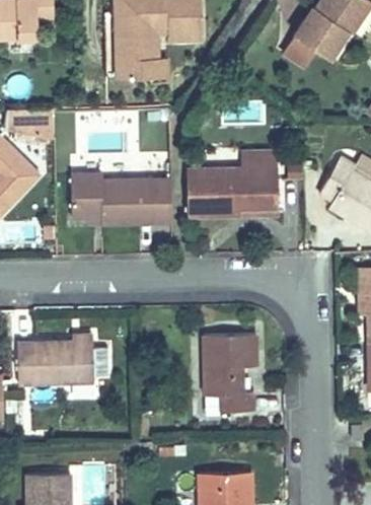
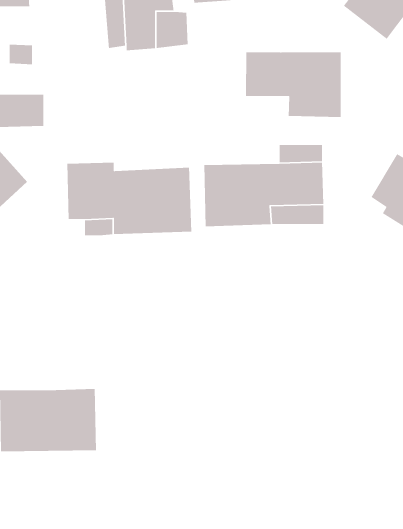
building: none -> [245,51,342,118]
building: [199,324,254,411] -> none

